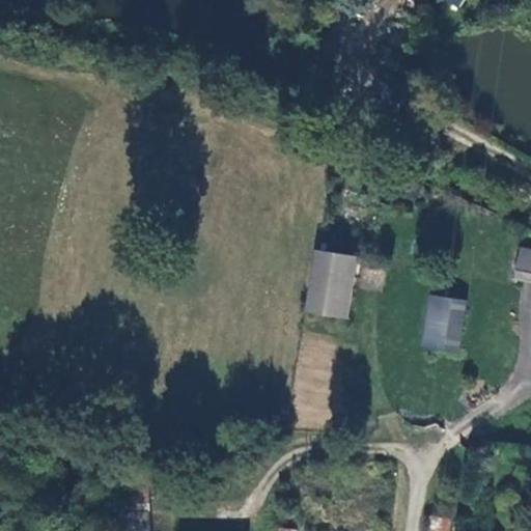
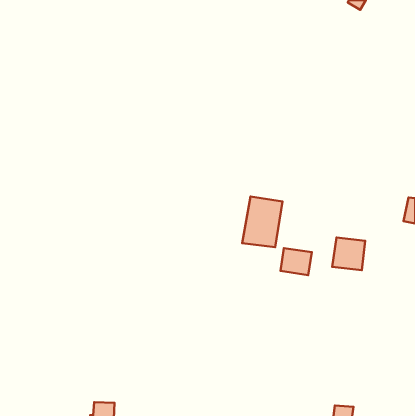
building: none -> [280,248,312,275]

